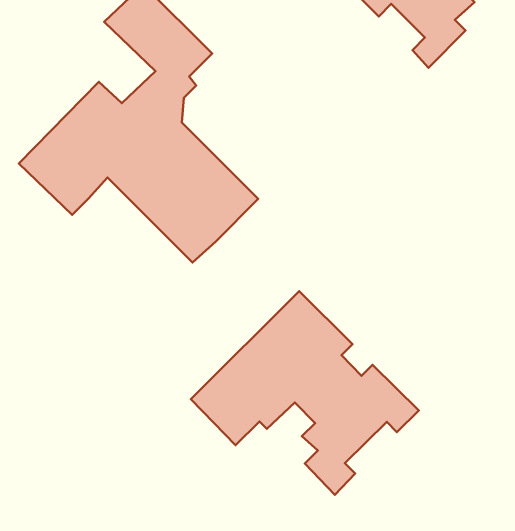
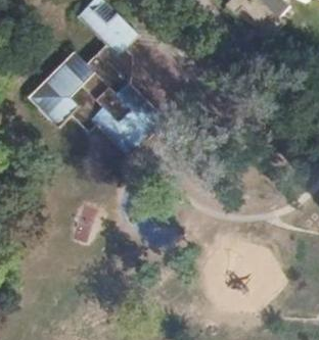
building: [191,291,419,495] -> none

